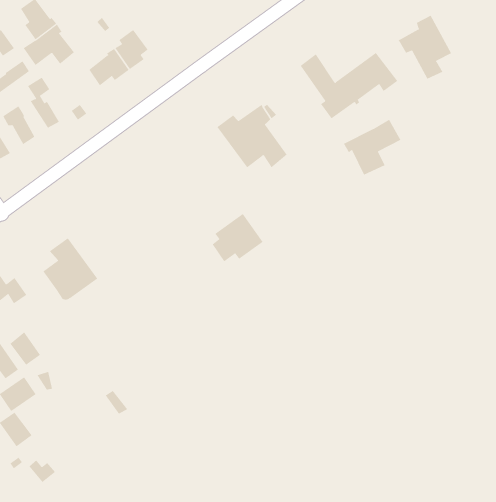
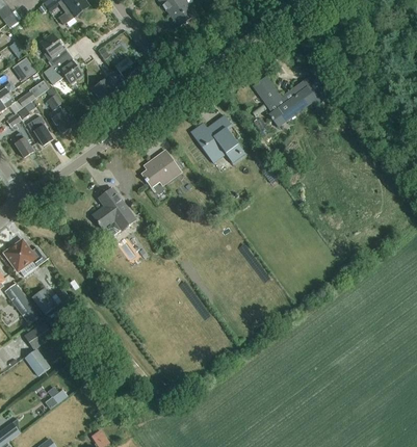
building: [398,15,452,80] -> none
building: [343,119,401,176] -> none
building: [212,213,264,262] -> [141,150,181,187]
building: [42,237,98,300] -> [93,188,135,236]

